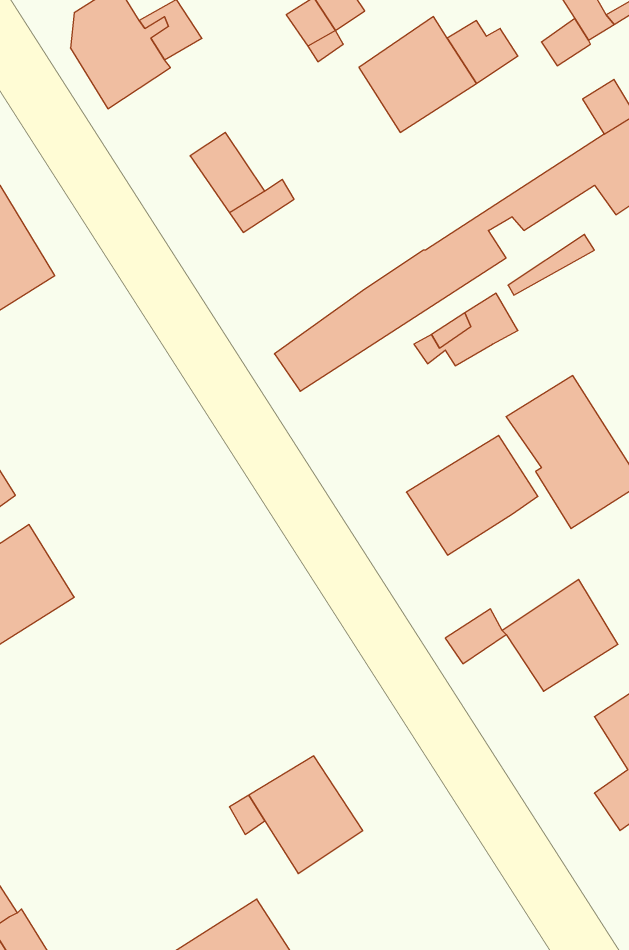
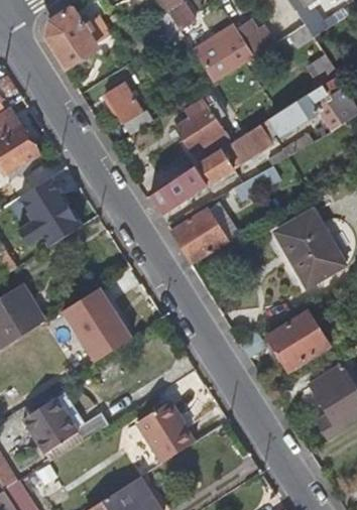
building: none -> [174,96,226,162]
building: none -> [18,179,82,247]
building: [406,435,538,555] -> [171,202,239,263]
building: none -> [62,286,131,361]
building: none -> [24,393,111,461]

